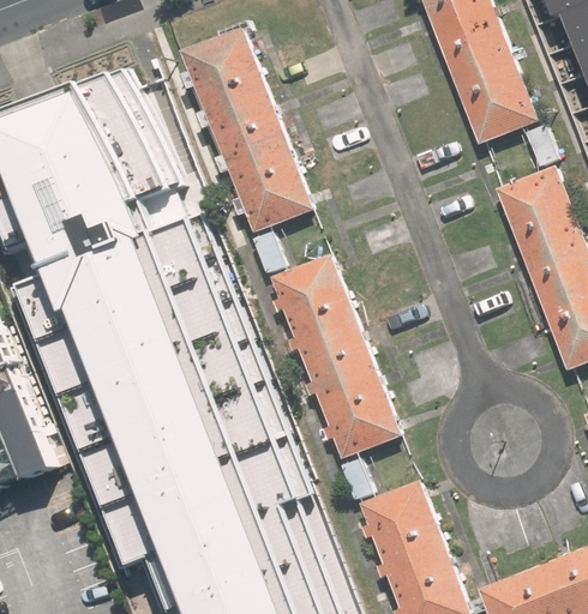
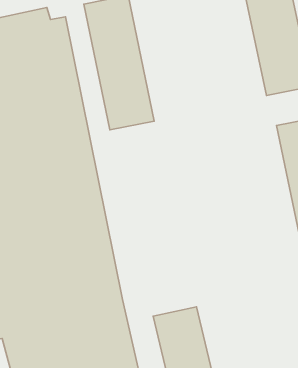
building: [272,254,403,458] -> none

